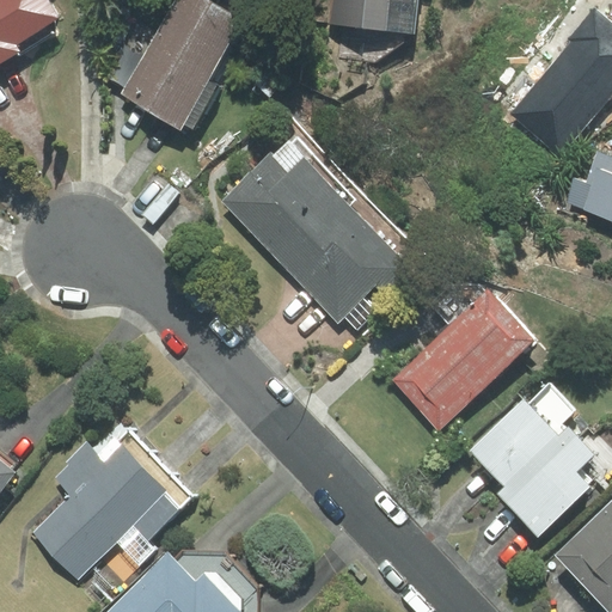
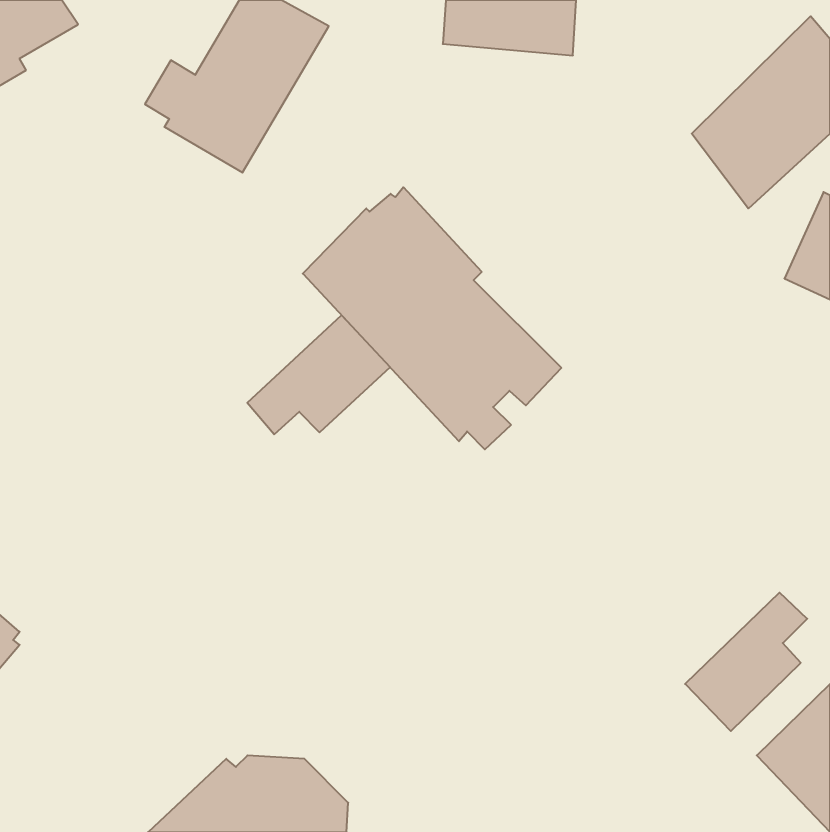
building: none -> [247,315,390,434]
building: [392,292,533,429] -> none
building: [469,386,573,502] -> none
building: [33,428,191,579] -> none

